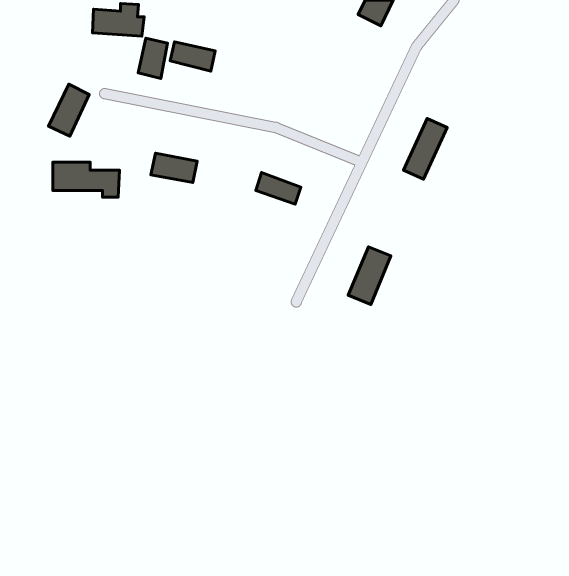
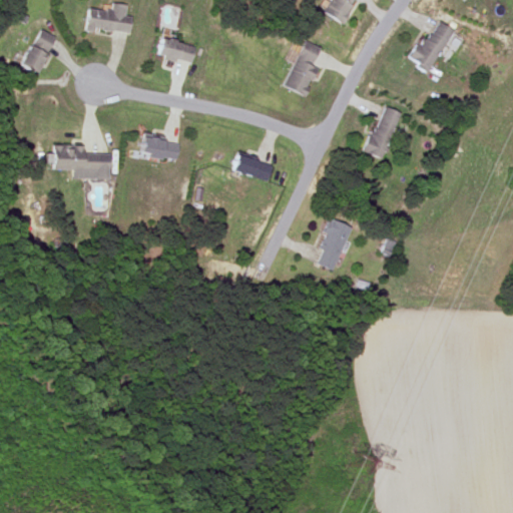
building: none -> [411,20,454,70]
building: [138,38,167,78] -> none
building: none -> [284,40,323,96]
building: [48,84,89,136] -> [21,28,57,74]

